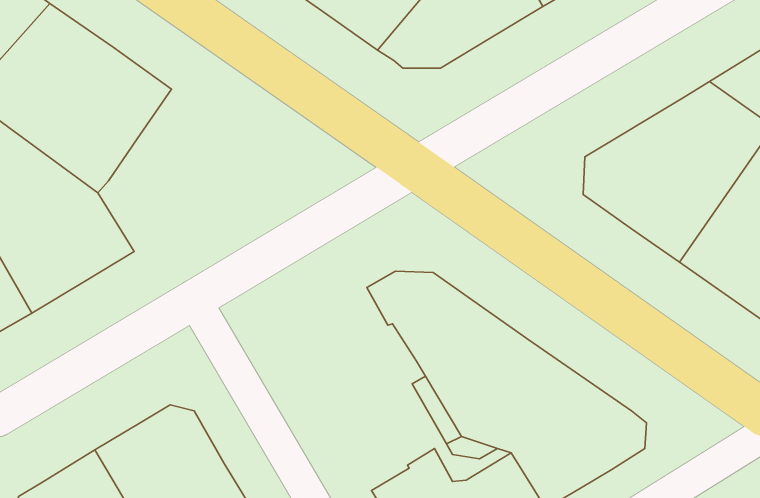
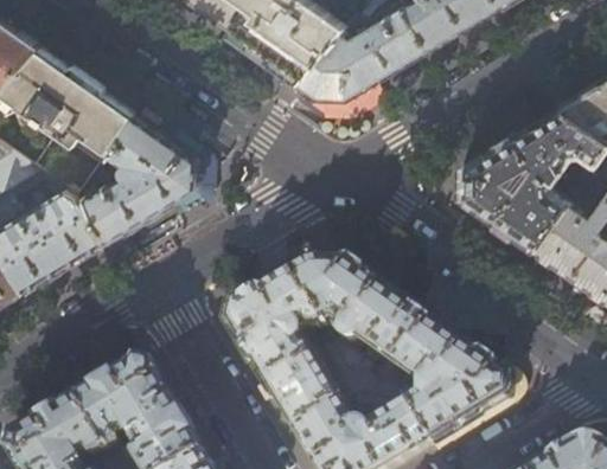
building: none -> [78,110,199,238]
building: none -> [230,266,344,426]

